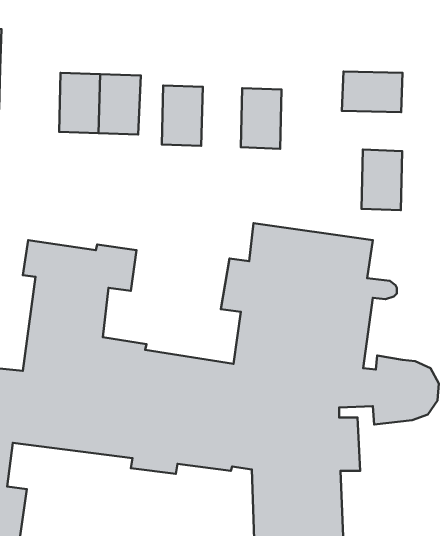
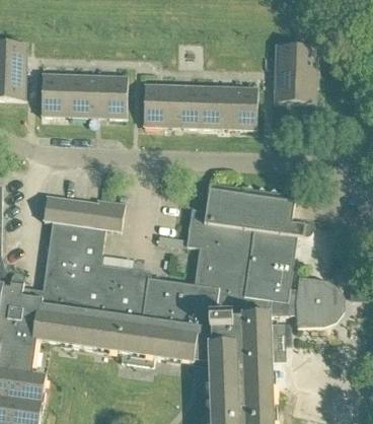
building: none -> [274,45,317,74]
building: none -> [41,73,70,117]
building: none -> [171,84,201,128]
building: [362,150,402,210] -> [228,86,257,130]

